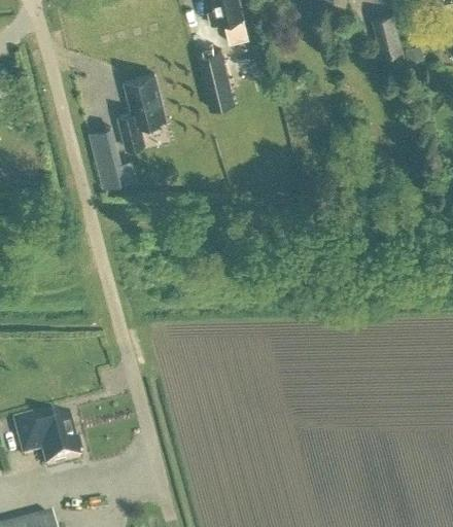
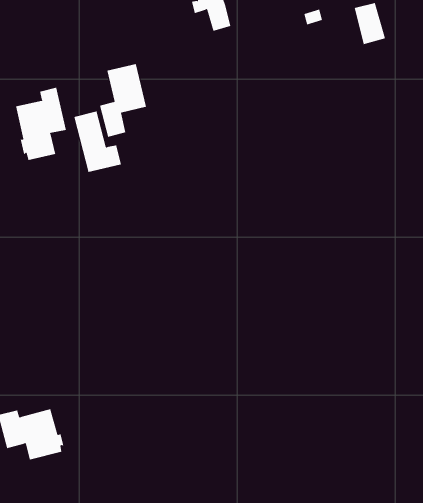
building: [196,48,232,105] -> none
building: none -> [16,87,66,161]

